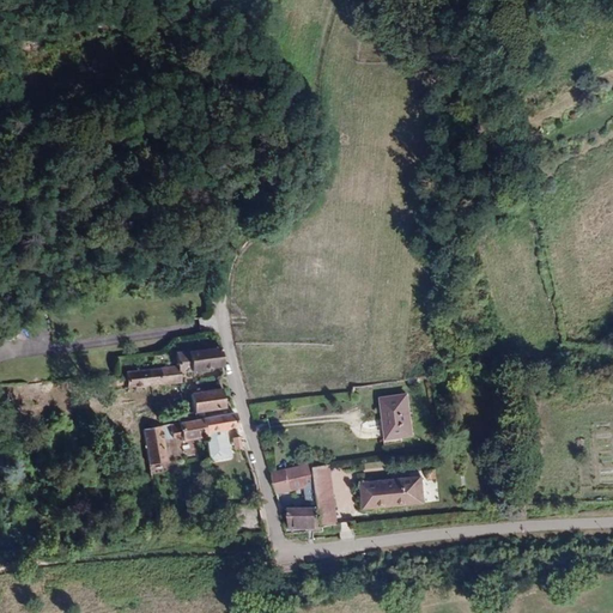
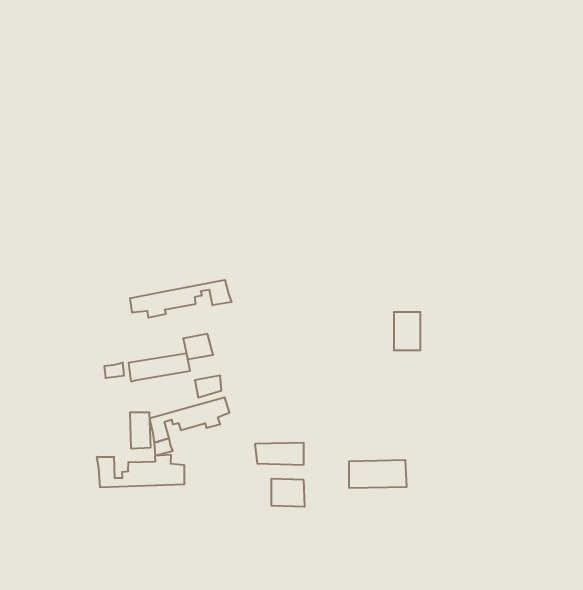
building: none -> [130,280,232,318]
building: [382,394,409,433] -> [394,312,420,350]
building: [314,460,333,526] -> none
building: none -> [97,455,184,487]

